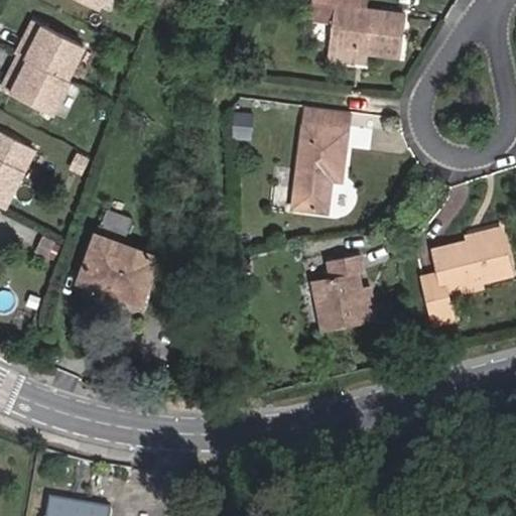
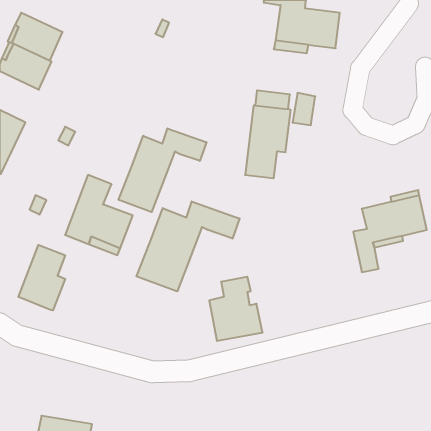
building: none -> [119,128,206,212]
building: none -> [136,201,240,291]
building: [312,255,376,332] -> [209,277,263,341]
building: none -> [18,245,65,310]

